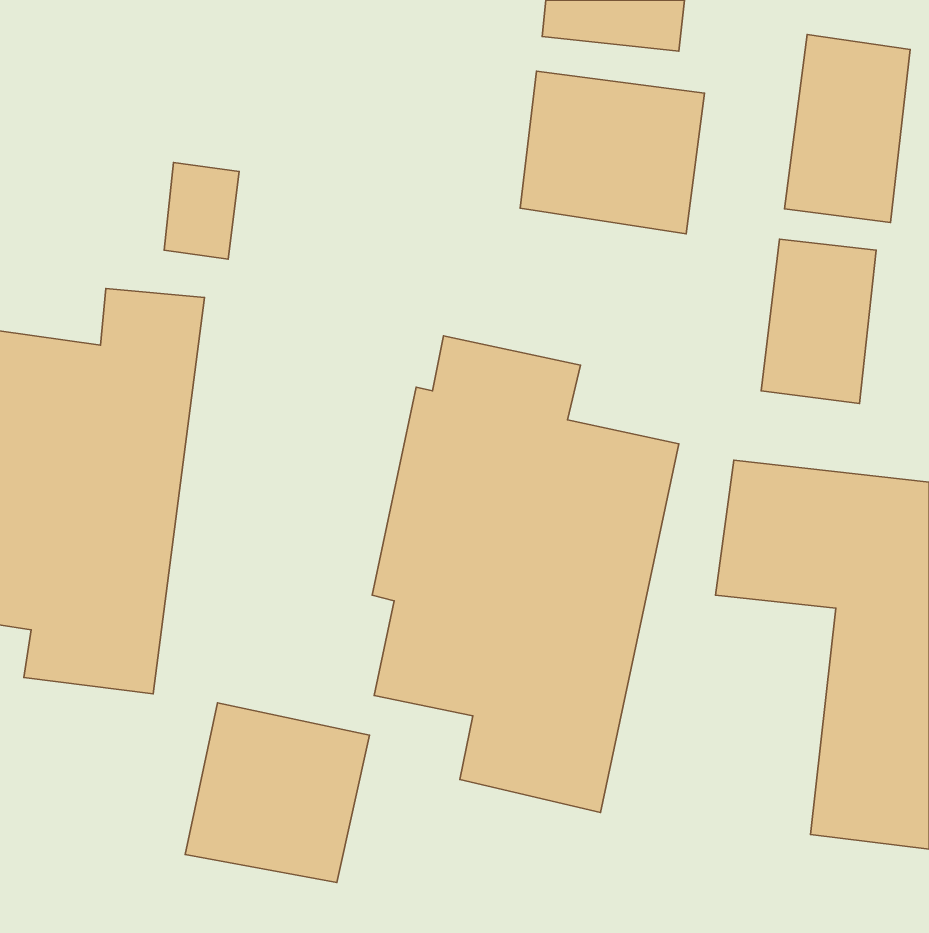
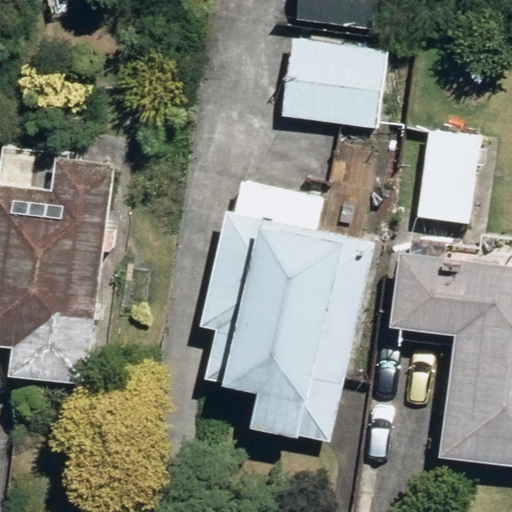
building: [785,35,910,223] -> none
building: [185,703,369,883] -> none

